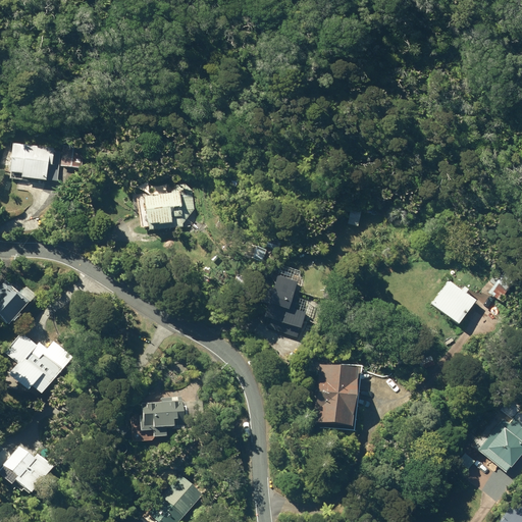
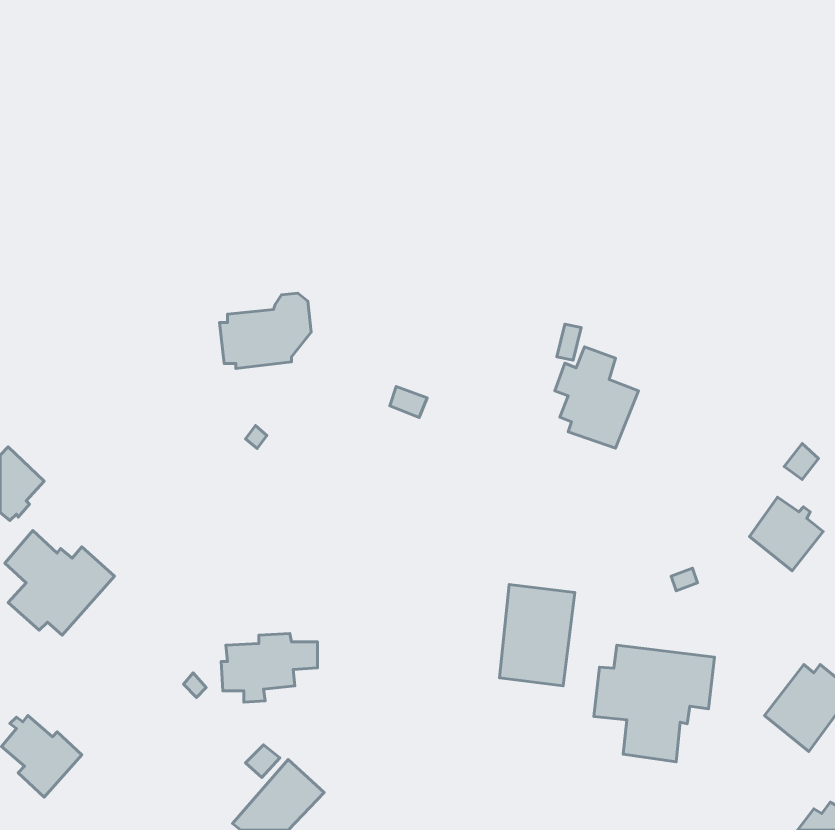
building: [9,142,61,179] -> none
building: [260,273,312,336] -> [555,347,638,448]
building: [431,279,477,325] -> [750,497,823,571]
building: none -> [594,645,714,762]

